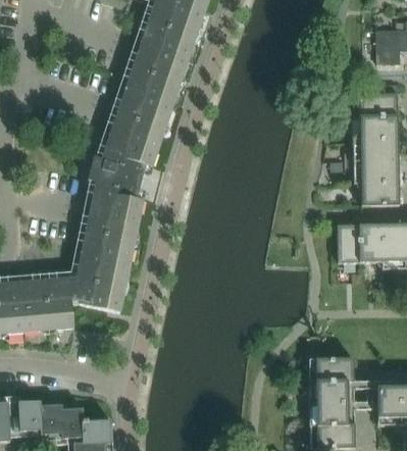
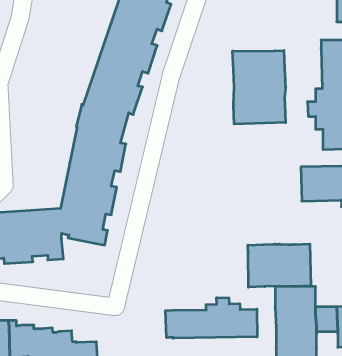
building: none -> [233,50,286,124]
building: none -> [248,244,311,287]
building: none -> [166,298,257,338]

